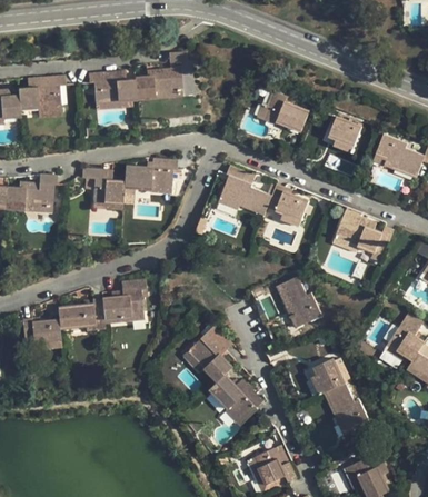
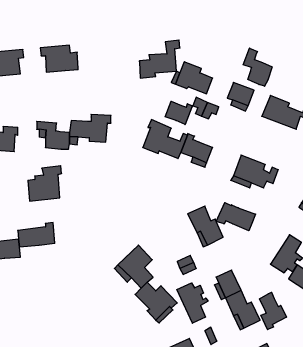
building: [135,51,187,100] -> [139,40,180,78]
building: none -> [243,48,272,86]
building: none -> [165,101,193,125]
building: none -> [216,203,256,231]
building: [103,279,147,325] -> [28,166,62,201]
building: none -> [177,283,208,323]
building: none -> [260,292,286,330]

